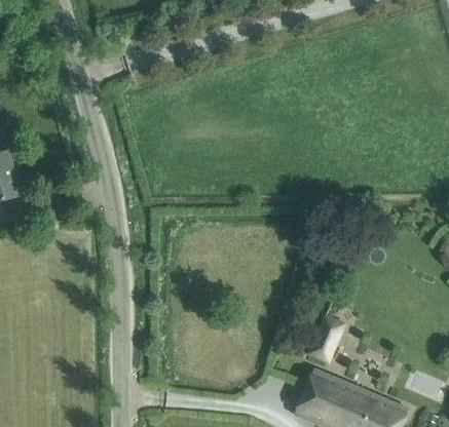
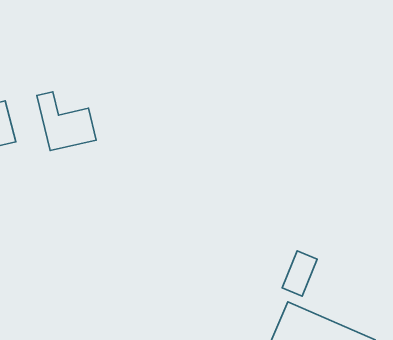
building: none -> [37,92,96,150]

